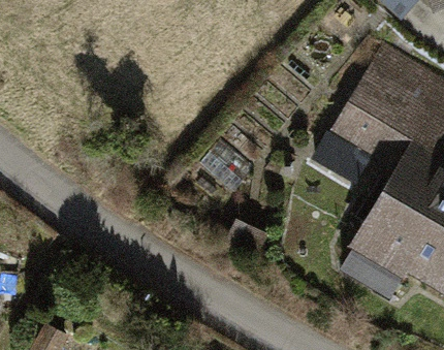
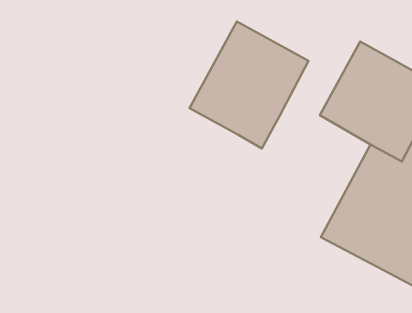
building: none -> [190,21,308,148]

